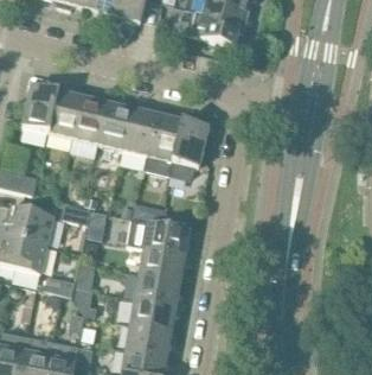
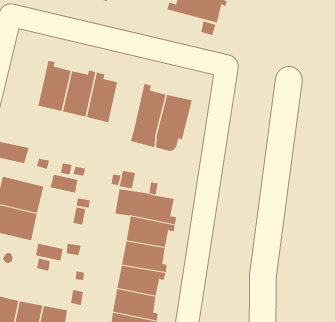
building: [21,84,56,132] -> none
building: [121,106,158,155] -> none

